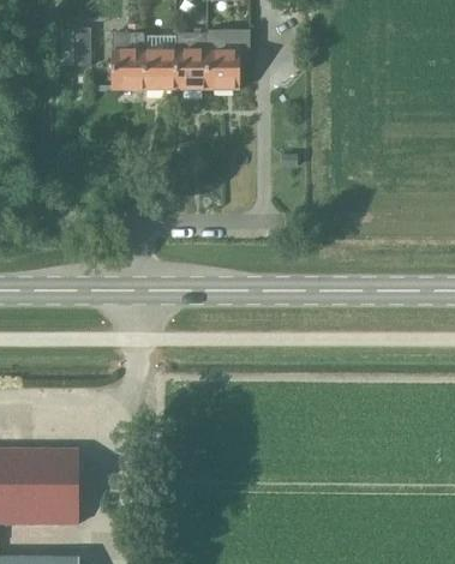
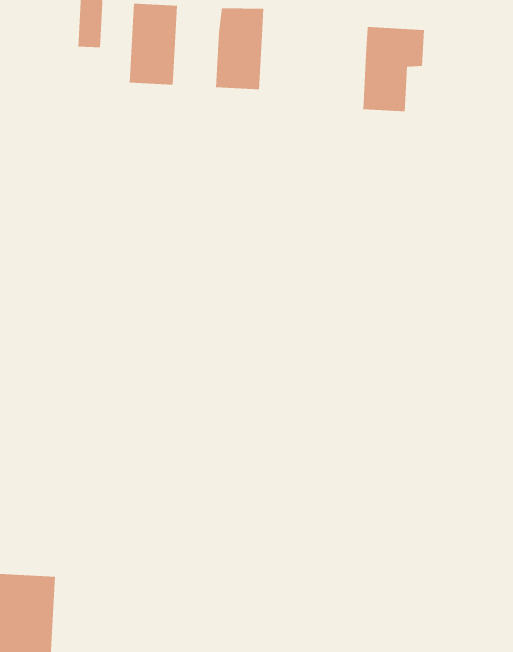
building: [206,30,249,90] -> [362,27,425,112]
building: [144,50,174,90] -> none

